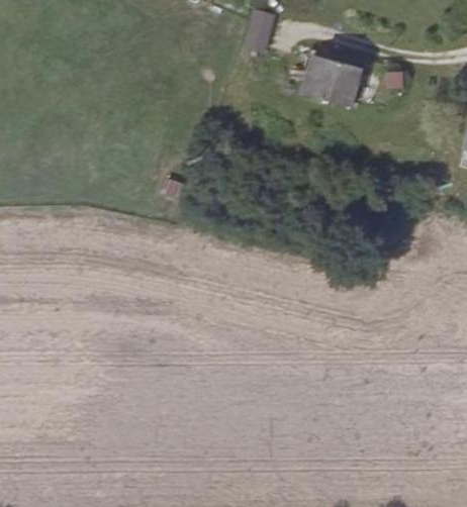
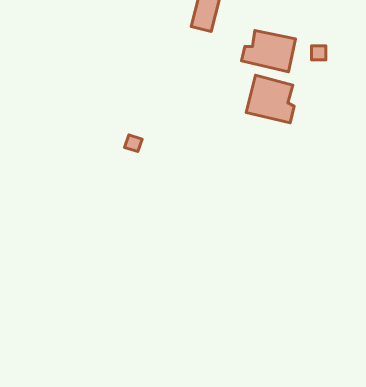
building: none -> [246,75,294,123]

